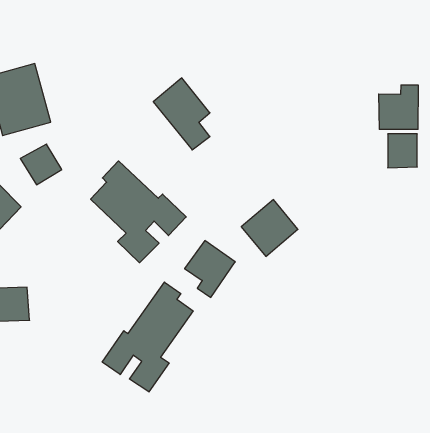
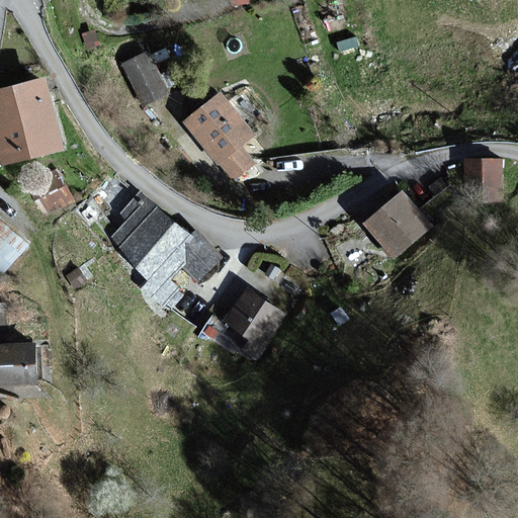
building: none -> [121,53,165,104]
building: [379,85,418,129] -> none
building: [241,200,298,256] -> [364,192,432,260]
building: [102,282,193,392] -> none

